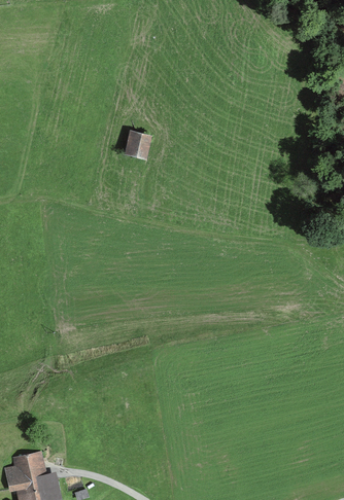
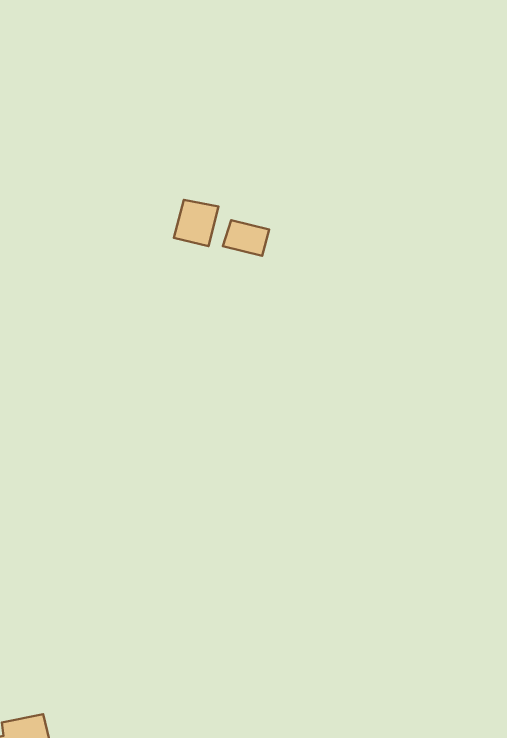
building: none -> [223,220,269,256]

